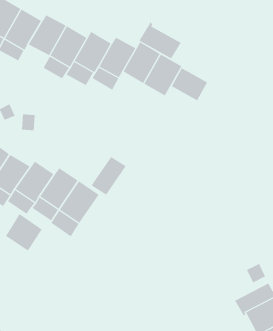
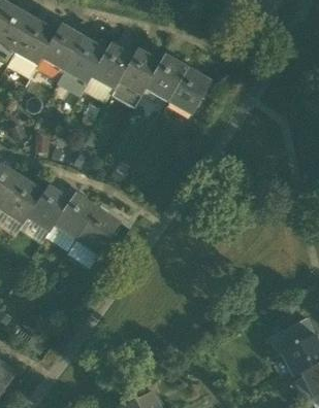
building: [138,21,182,60] -> none
building: [171,67,208,101] -> none
building: [91,156,126,196] -> none
building: [5,213,43,251] -> none

